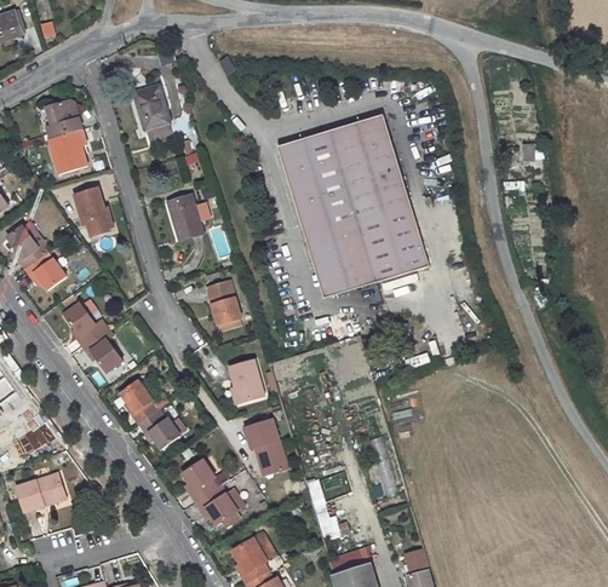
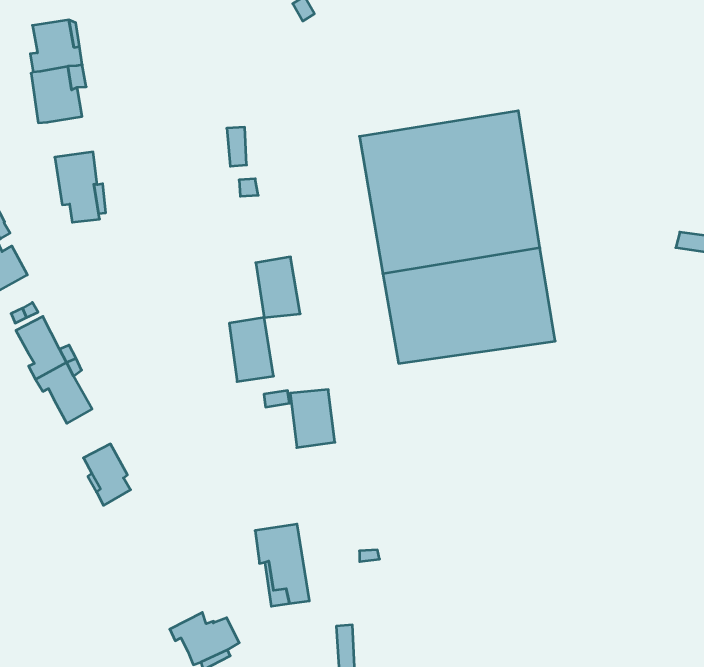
building: [127,88,168,134] -> none
building: [168,198,203,242] -> [256,257,300,318]
building: [228,358,263,401] -> [290,390,335,448]
building: [138,409,180,448] -> none
building: [180,457,216,500] -> none

